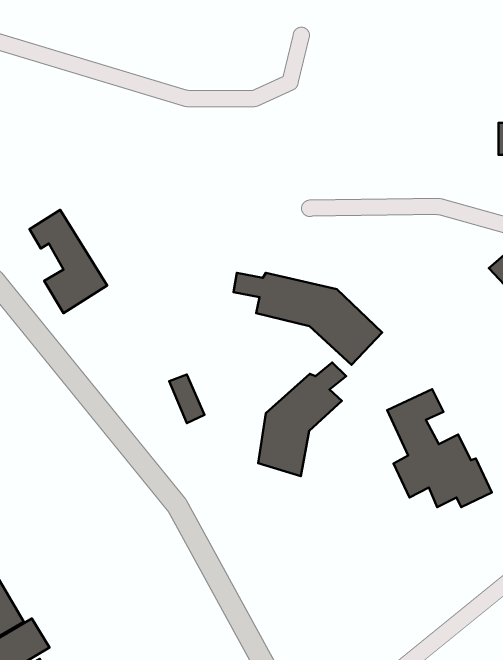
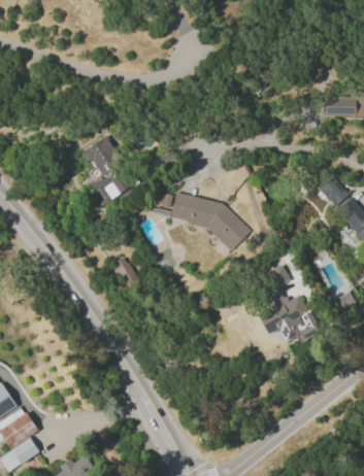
building: [30,210,107,313] -> [81,138,131,204]
building: [258,363,346,476] -> none

